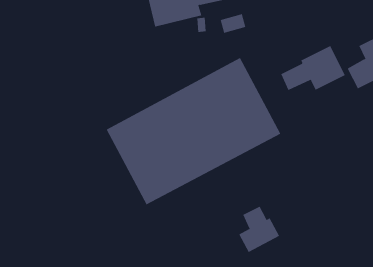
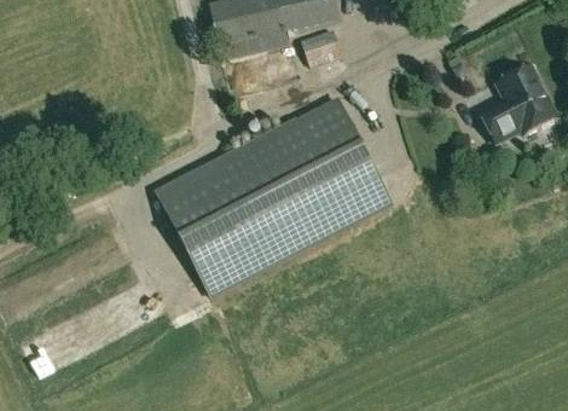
building: [280,45,346,91] -> none
building: [238,206,280,253] -> none

